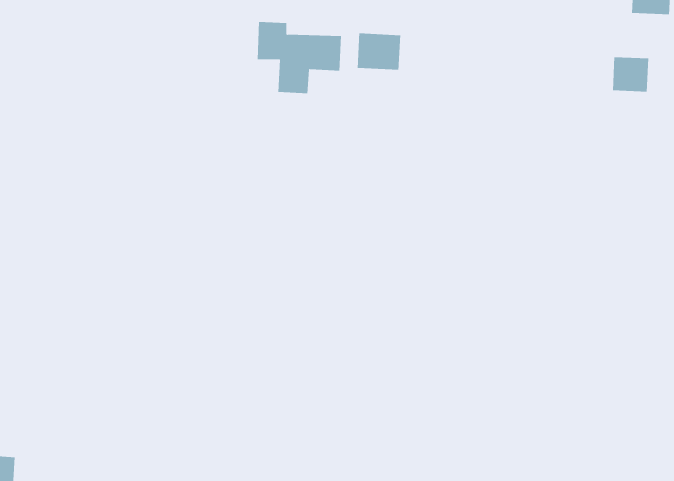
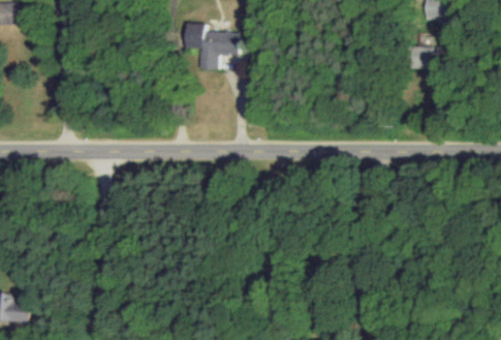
building: [357,33,401,71] -> none

